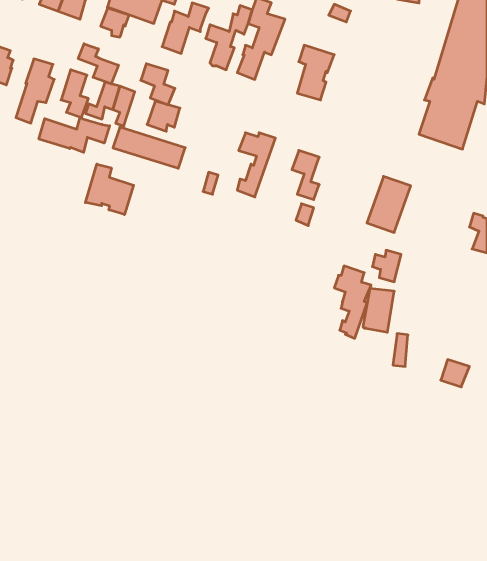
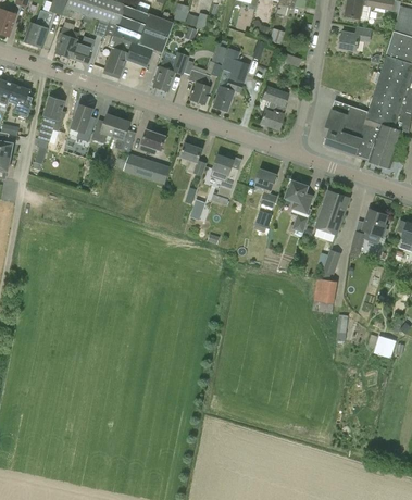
building: [78,44,118,84] -> none
building: [141,64,175,105] -> [180,142,208,175]
building: none -> [325,100,367,155]
building: [39,117,110,152] -> none
building: [85,164,134,215] -> none
building: none -> [351,208,388,248]
building: [334,266,371,338] -> [285,179,314,237]

